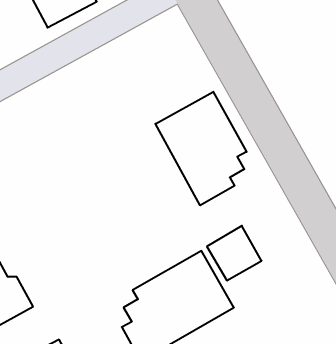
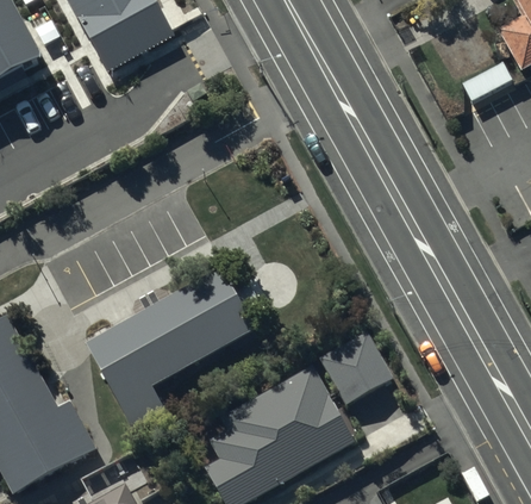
building: [155,92,247,205] -> none
building: none -> [86,265,254,425]

